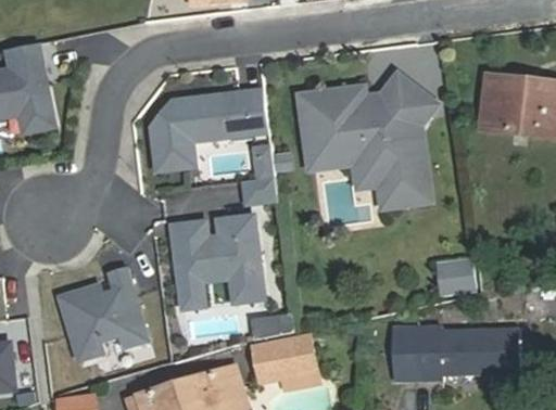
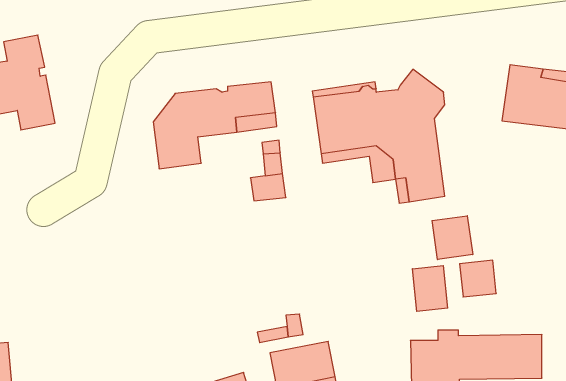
building: [170,216,261,308] -> none
building: none -> [432,216,473,260]
building: none -> [412,266,448,311]
building: [59,266,147,358] -> none

